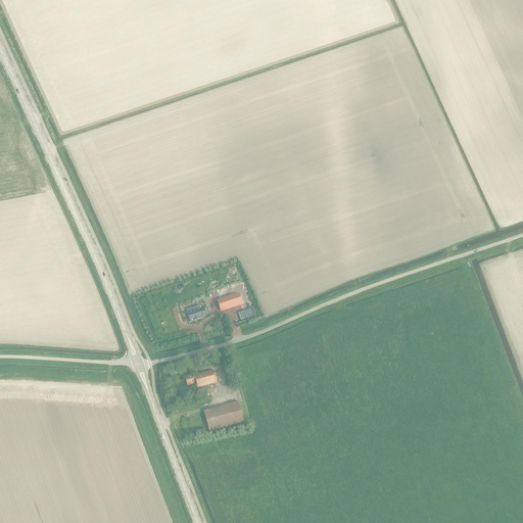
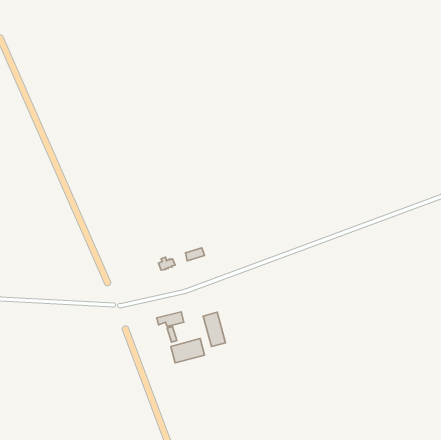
building: none -> [203,312,225,347]

